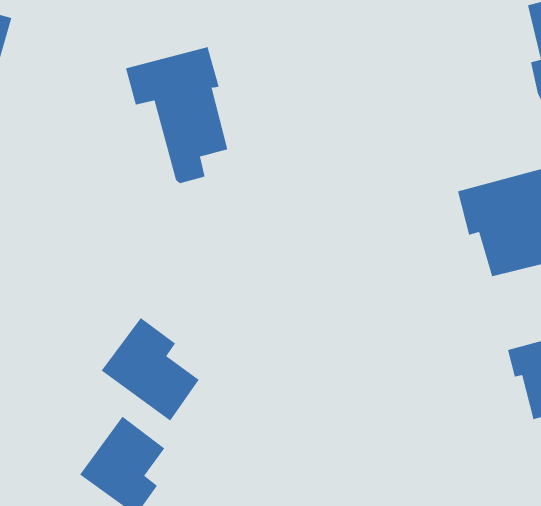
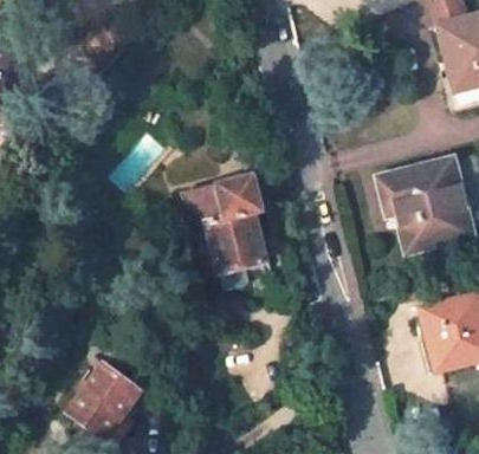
building: [125,47,228,184] -> [182,175,267,288]
building: [101,317,199,422] -> none

